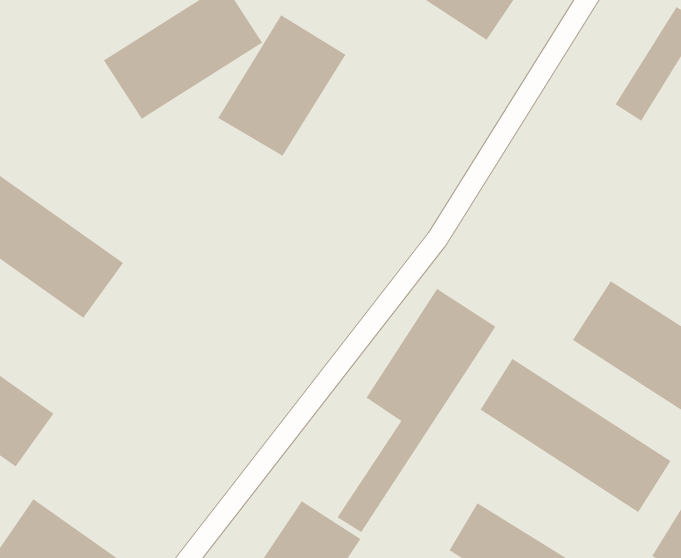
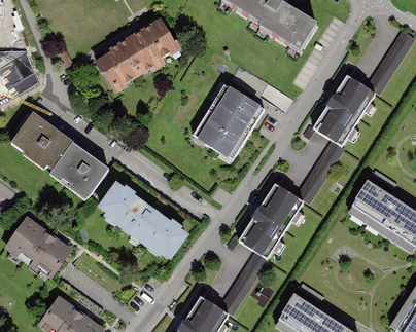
building: [217,14,347,157] -> [197,82,266,158]
building: none -> [298,76,381,202]
building: none -> [96,183,187,259]
building: [480,358,671,513] -> none

